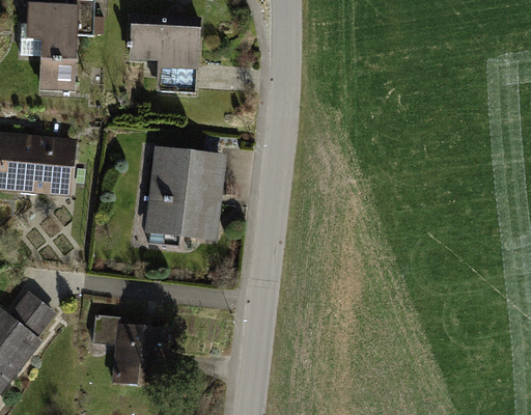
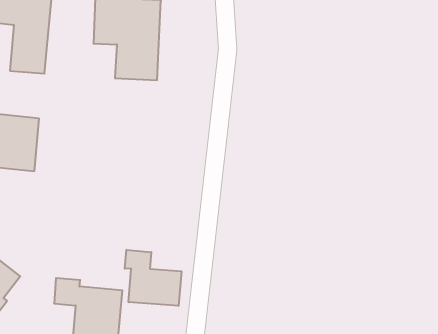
building: [143,148,223,241] -> none
building: none -> [125,250,181,306]

